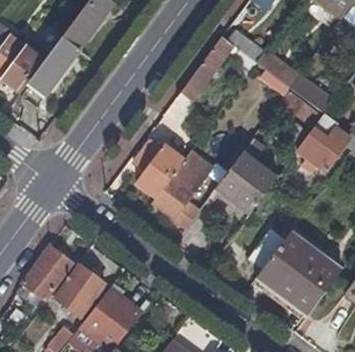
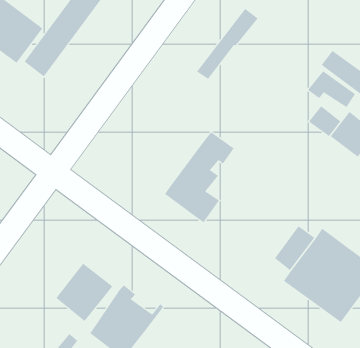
building: [255,46,302,87] -> none
building: [132,137,183,196] -> none
building: [216,151,277,213] -> none
building: [20,245,72,299] -> none

